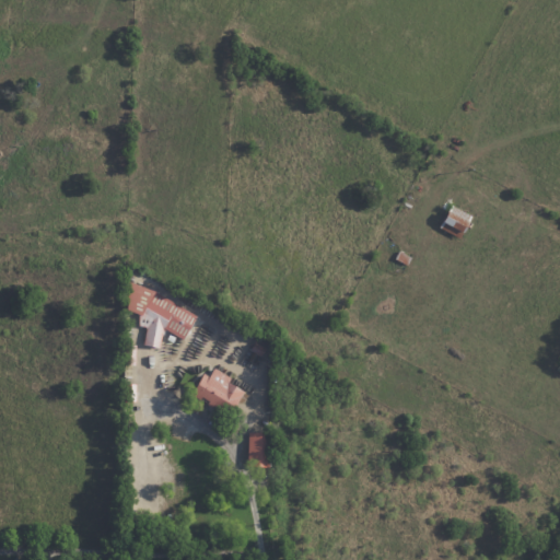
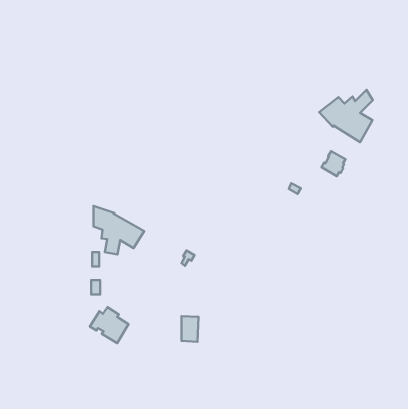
building: none -> [319,90,373,142]
building: [191,369,244,418] -> [90,307,128,343]

